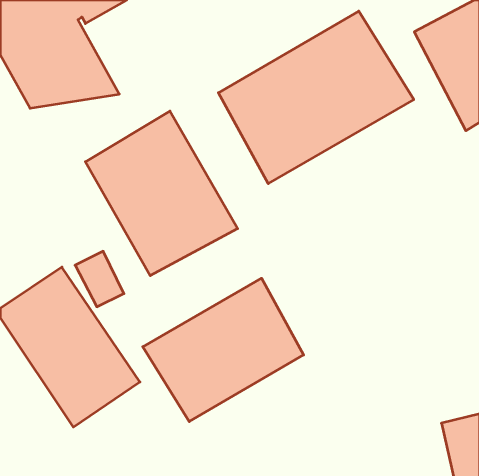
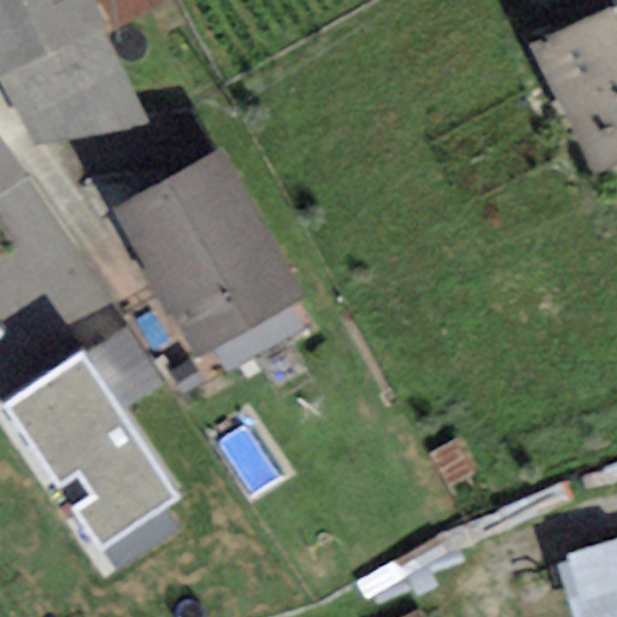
building: [218,11,414,184] -> none
building: [143,278,304,422] -> none

